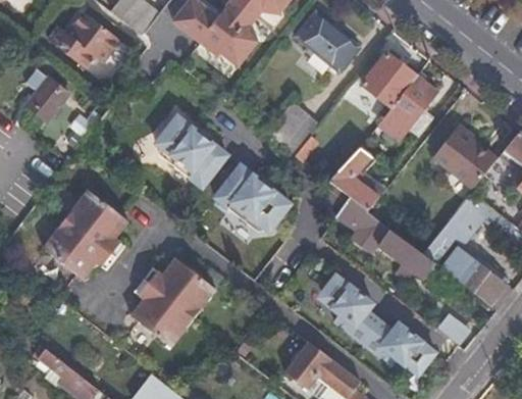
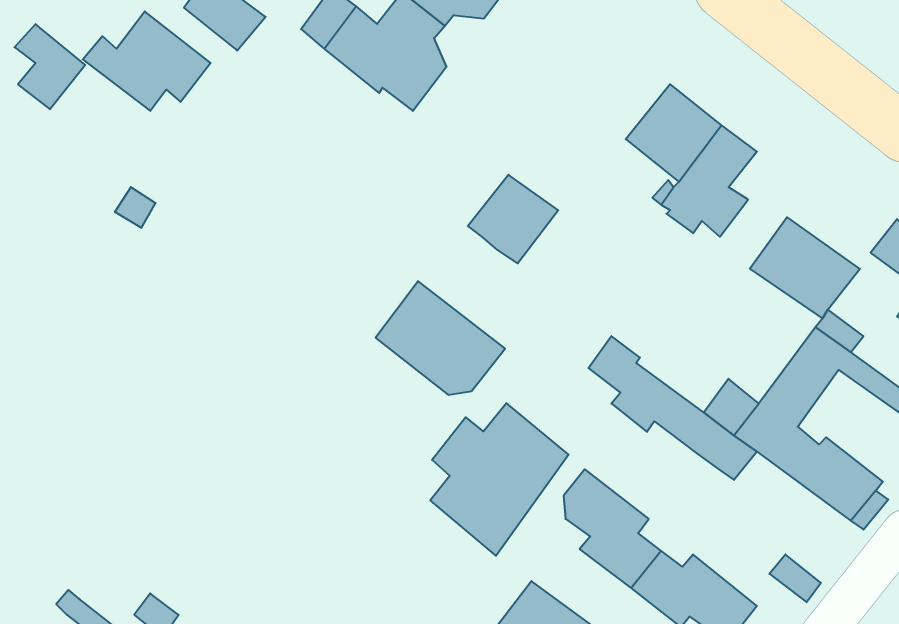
building: [294,11,358,71] -> none
building: [25,70,66,119] -> [14,24,85,109]
building: [158,116,227,188] -> none
building: [331,147,386,209] -> none
building: [41,189,129,279] -> none
building: [134,258,213,346] -> [430,403,569,556]

